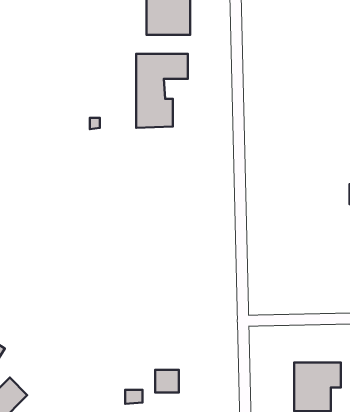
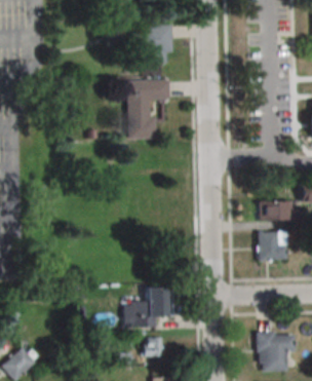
building: none -> [259,200,290,220]
building: none -> [258,230,286,259]
building: none -> [123,284,172,328]

